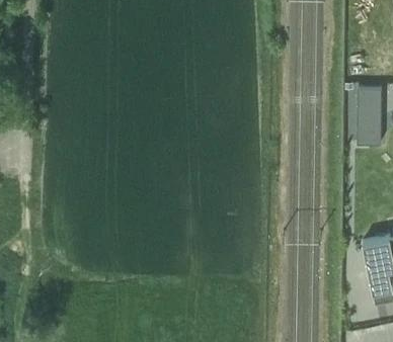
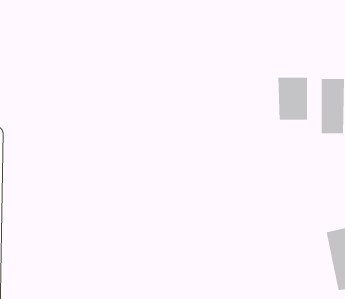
building: none -> [278,77,307,120]

